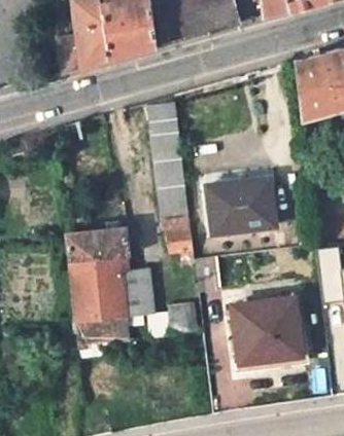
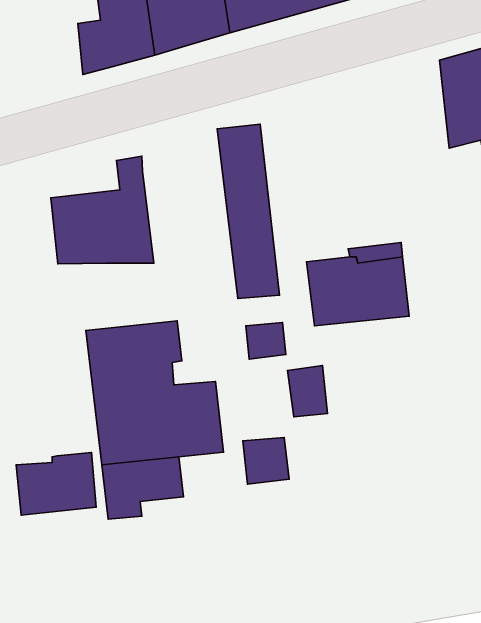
building: none -> [51,156,154,264]
building: [231,297,301,364] -> none
building: none -> [16,453,96,515]

